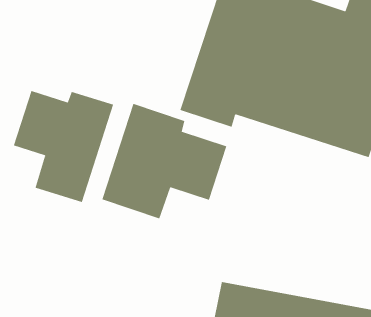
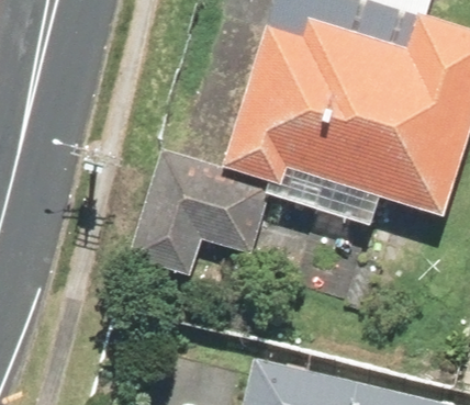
building: [13,90,114,203] -> none

